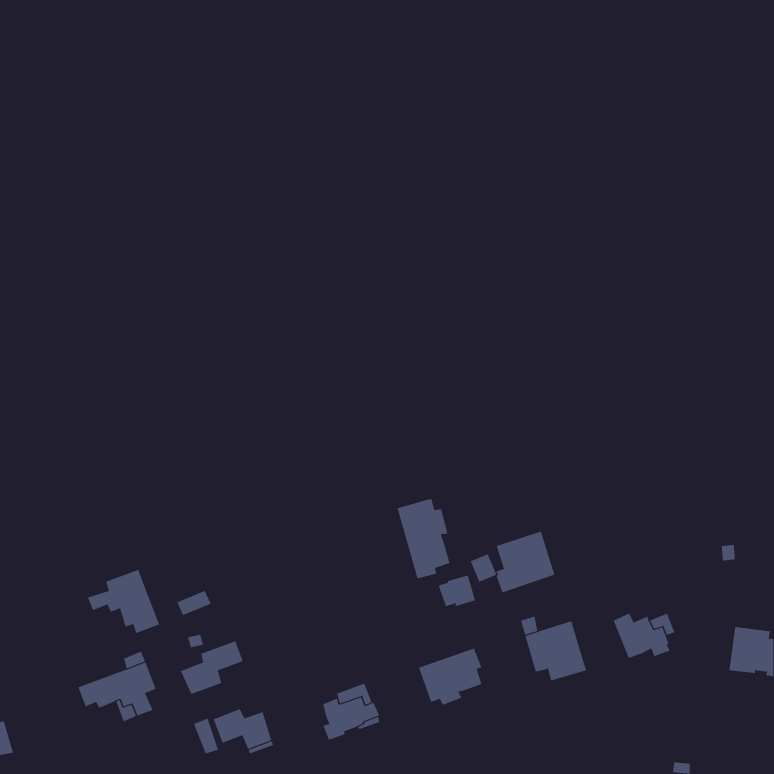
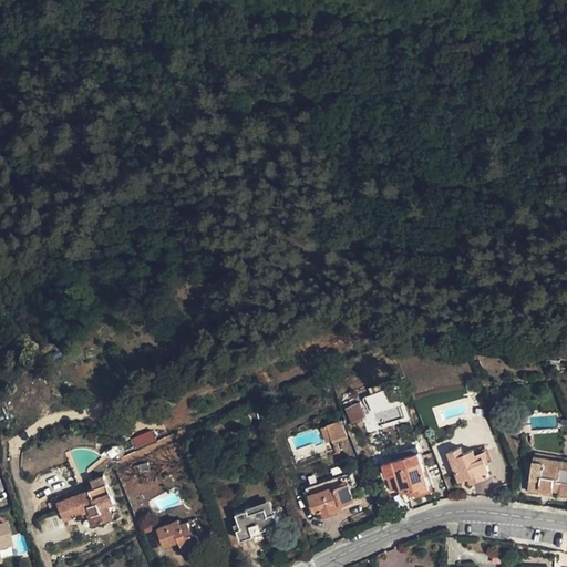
building: [397,498,450,579] -> none
building: [87,569,160,634] -> none
building: [180,640,243,695] -> none

